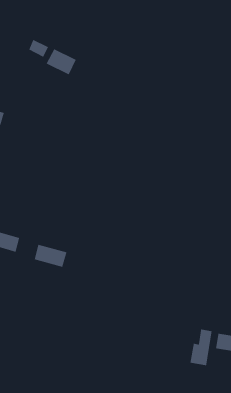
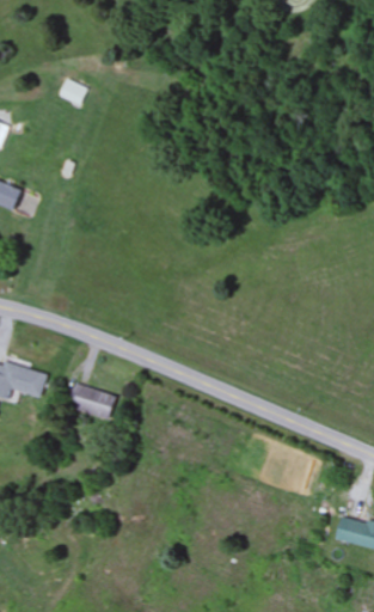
building: [46,48,77,76] -> none
building: [189,329,213,366] -> none

